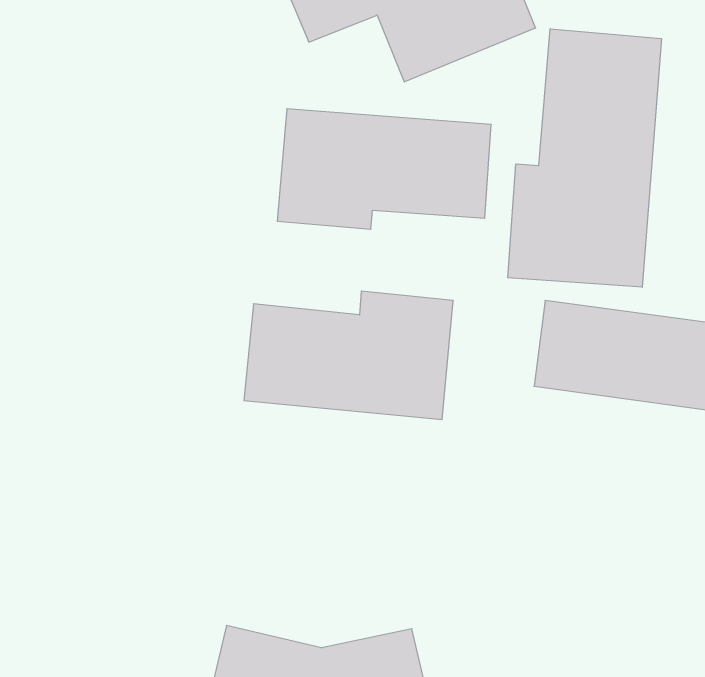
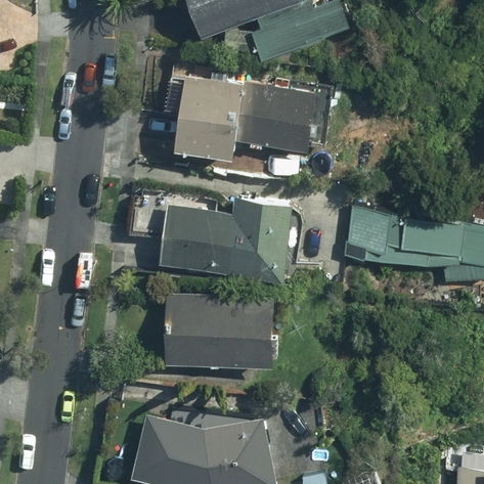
building: [508,29,662,287] -> none
building: none -> [163,292,281,372]

